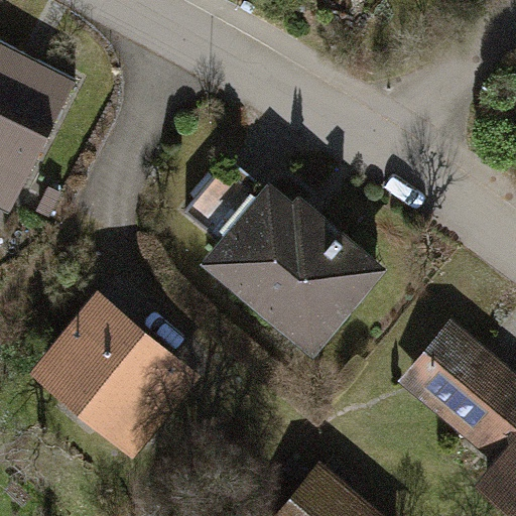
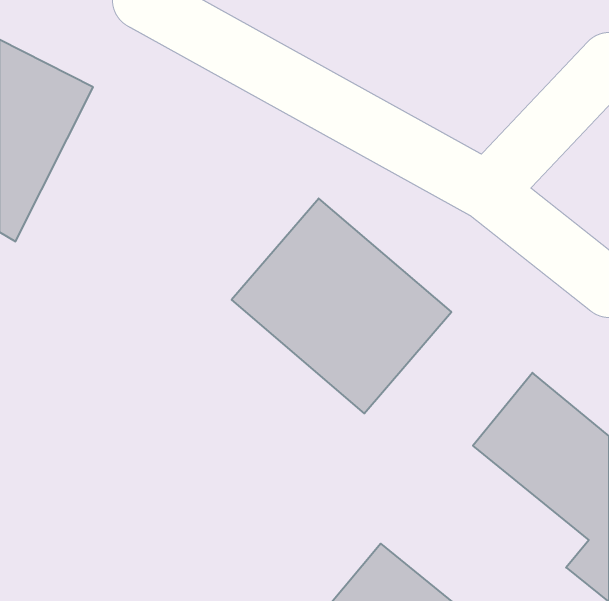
building: [32,289,203,454] -> none

